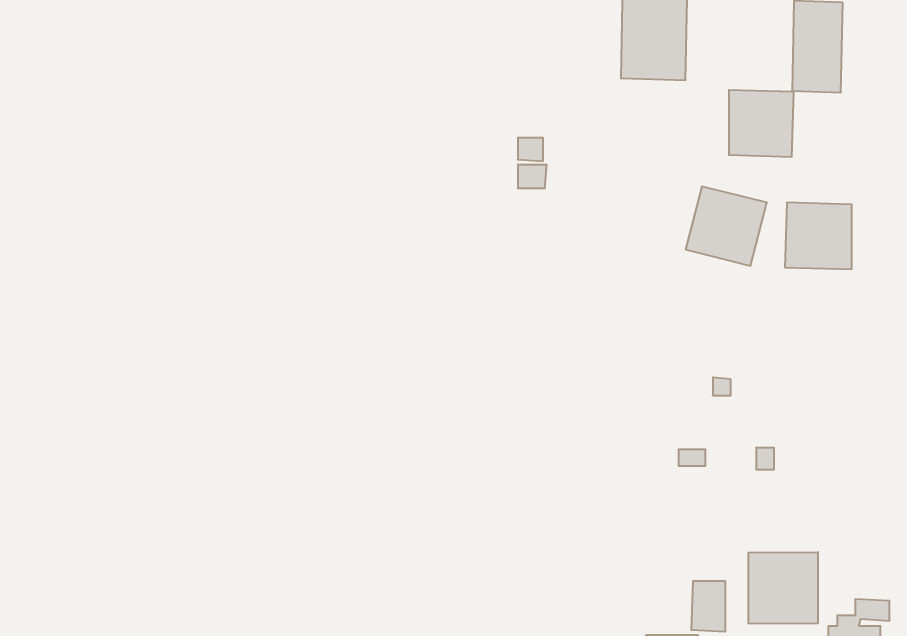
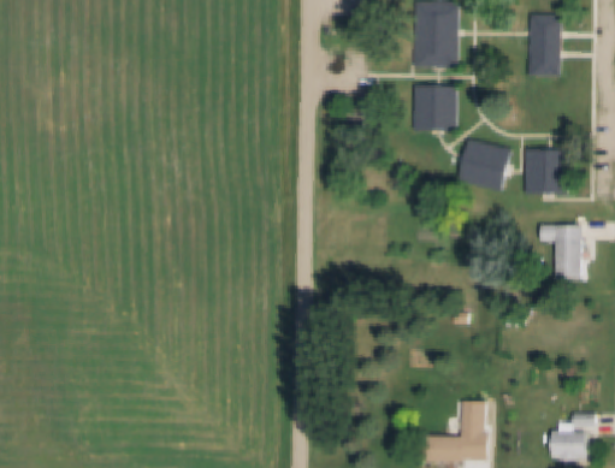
building: [729,90,794,157] -> [414,85,457,130]
building: none -> [539,225,581,279]
building: [748,552,818,624] -> none

